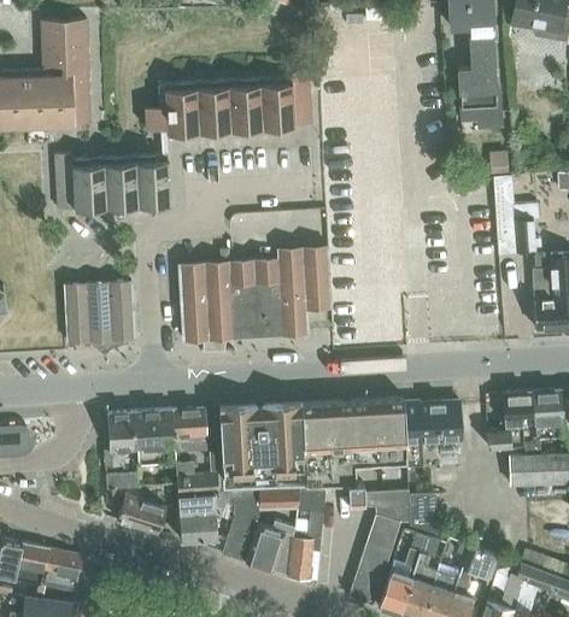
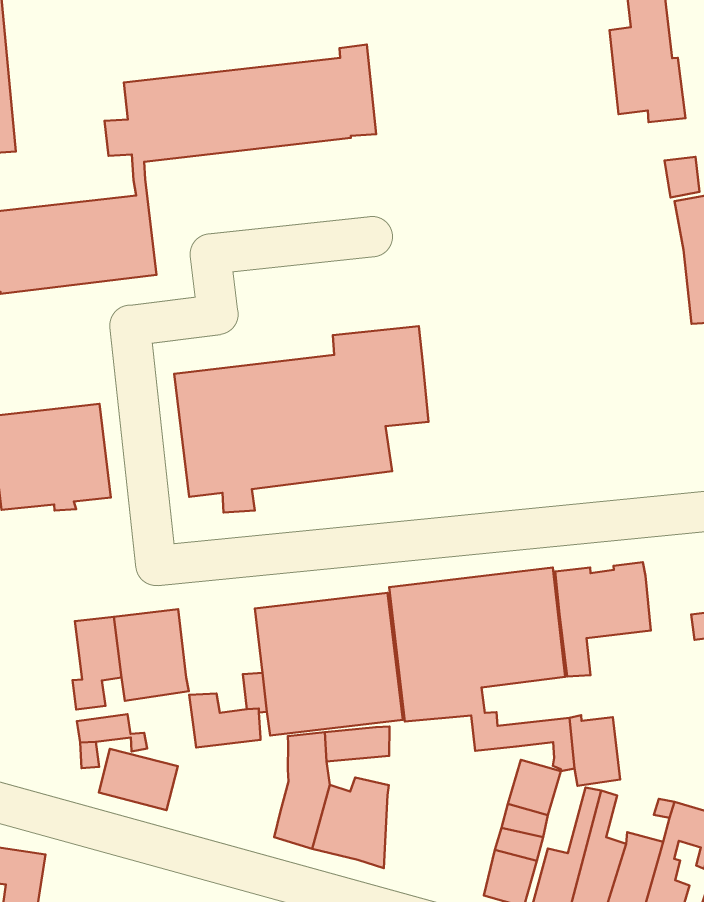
building: [172,407,206,452] -> none
building: [289,489,324,578] -> none
building: [178,492,235,540] -> none

